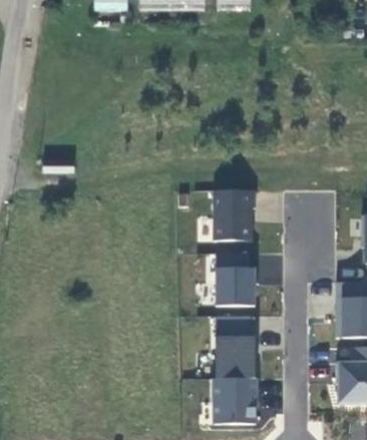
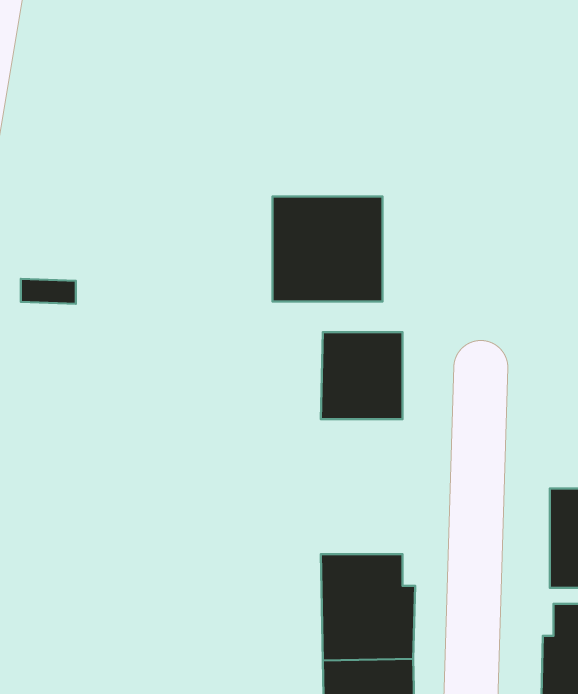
building: none -> [273,196,383,301]
building: [215,256,262,308] -> none

